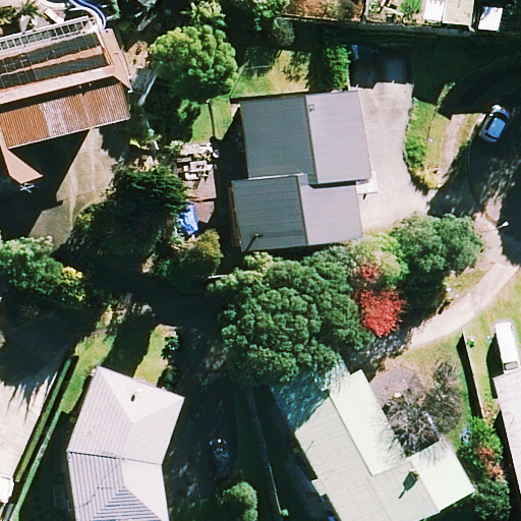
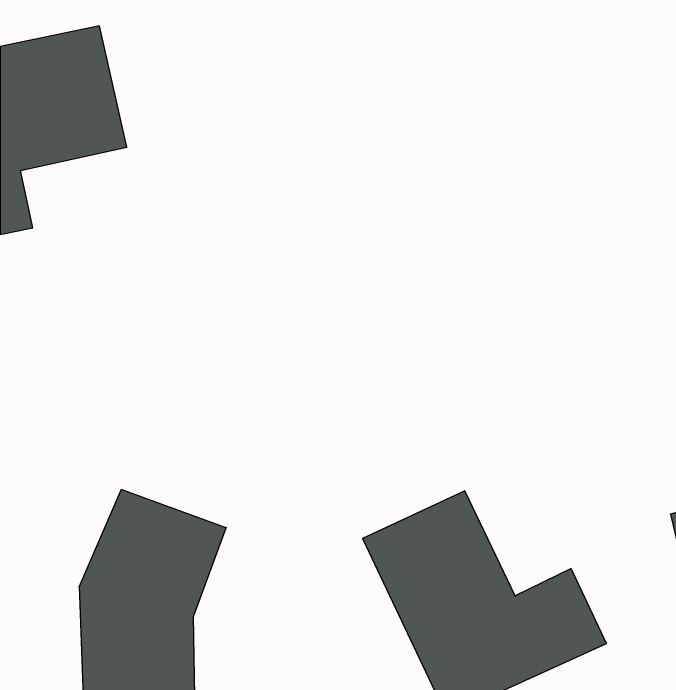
building: [239,91,368,249] -> none

